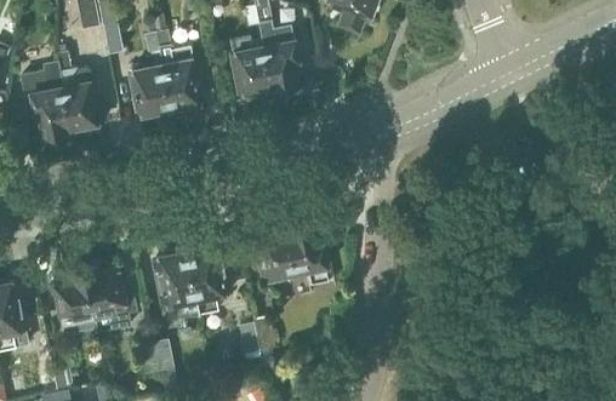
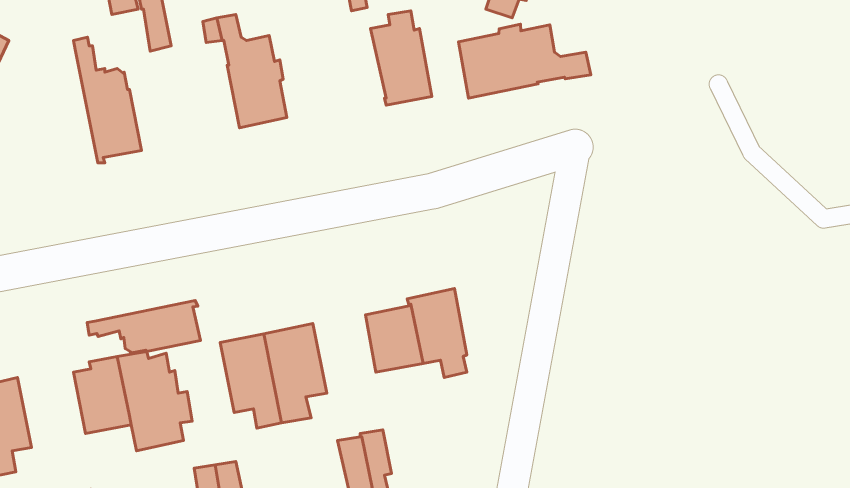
building: [228,39,270,97] -> none
building: none -> [459,24,591,98]
building: [18,57,70,143] -> none
building: [130,68,169,118] -> none
building: none -> [87,301,200,353]

